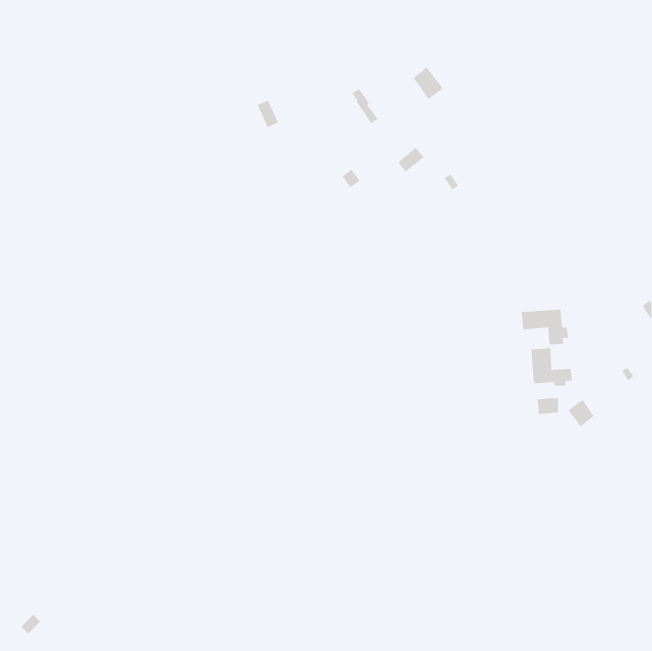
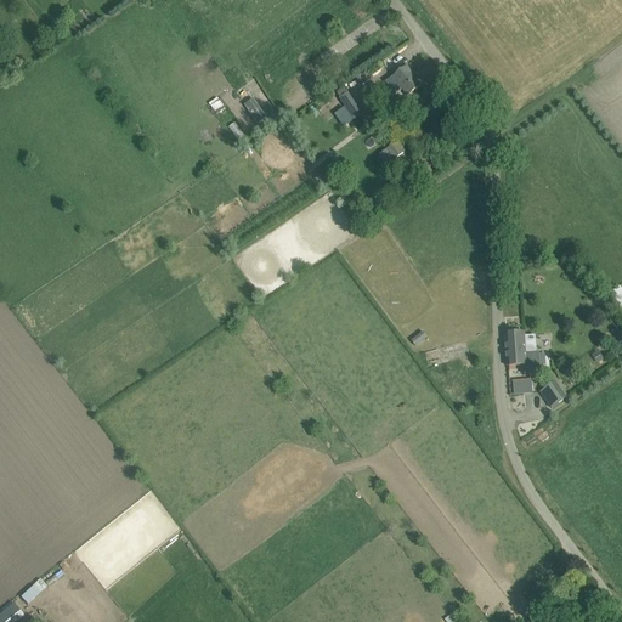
building: [521,309,569,345] -> none

